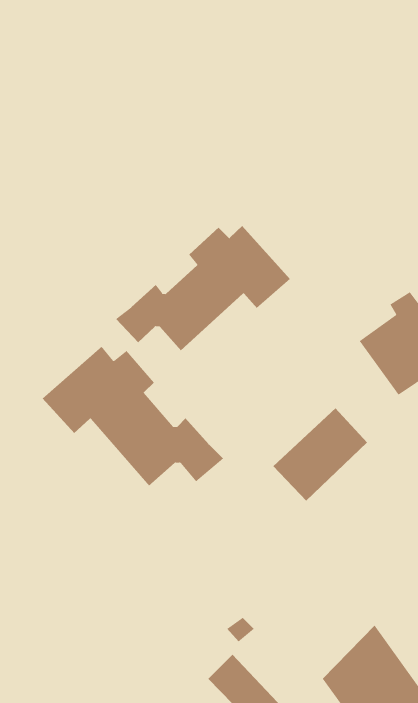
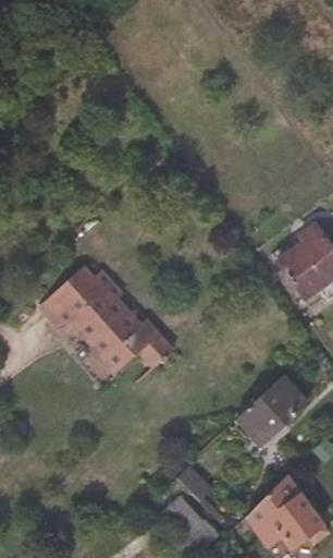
building: [115,225,291,351] -> none
building: [272,407,368,501] -> [237,375,308,445]

